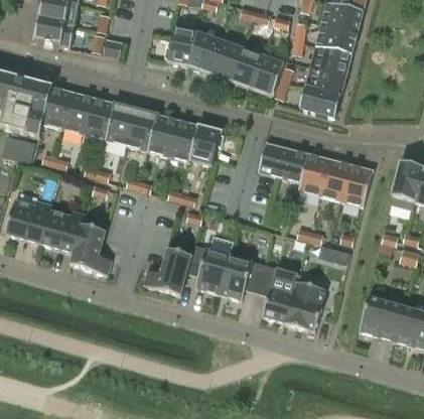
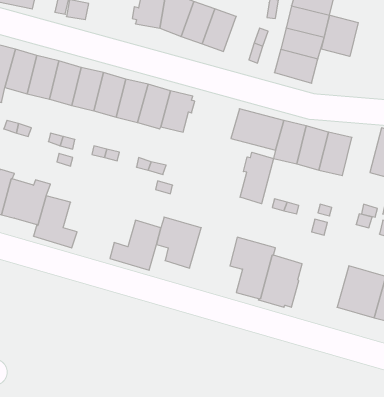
building: none -> [321,15,358,56]
building: [250,54,283,96] -> none
building: none -> [240,152,273,204]
building: [218,255,263,299] -> none

